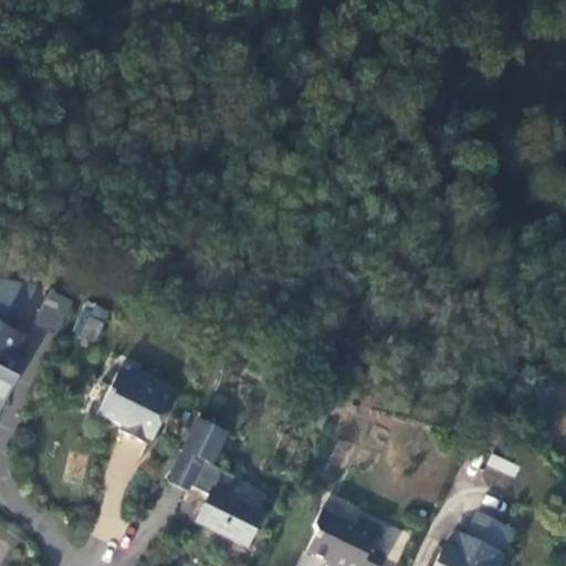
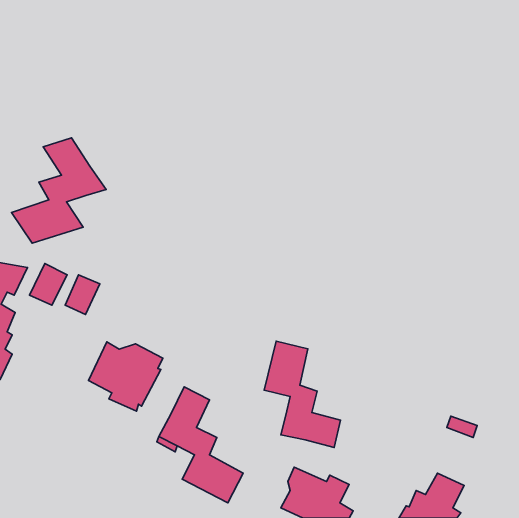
building: none -> [12,138,106,243]
building: none -> [264,341,341,448]

